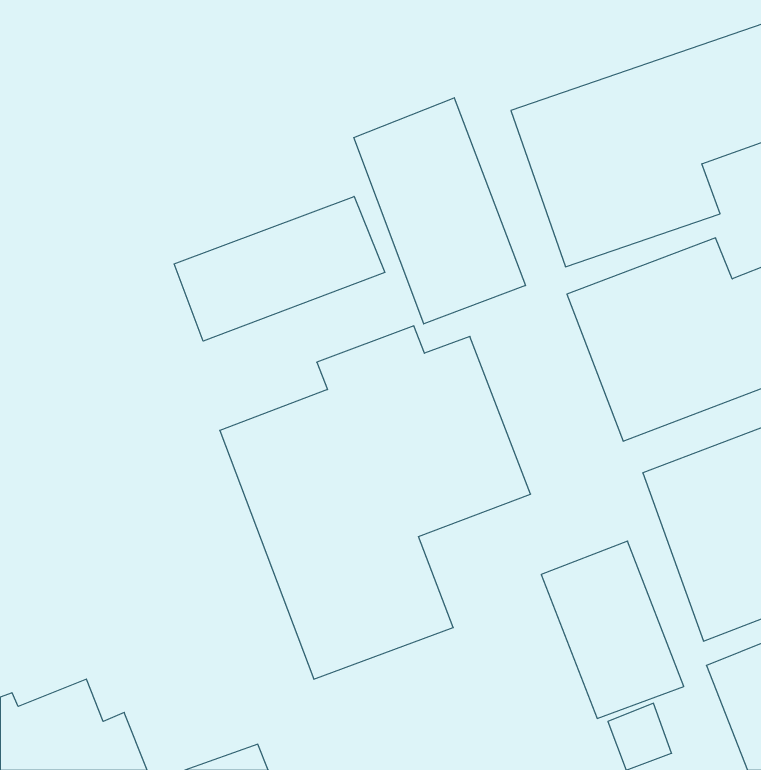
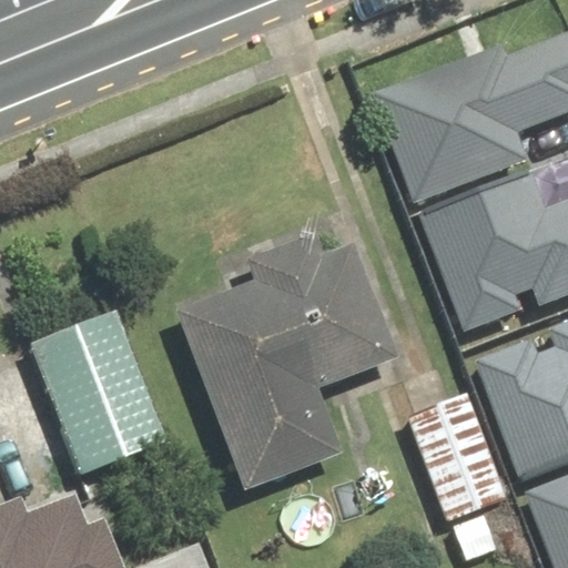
building: [354,98,525,324] -> none
building: [174,196,385,341] -> none
building: none -> [30,314,169,479]

